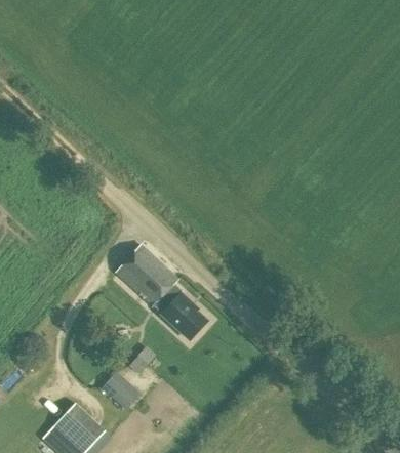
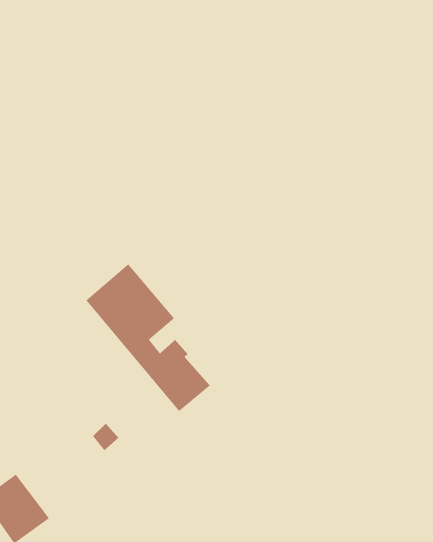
building: [102,372,141,410] -> none

